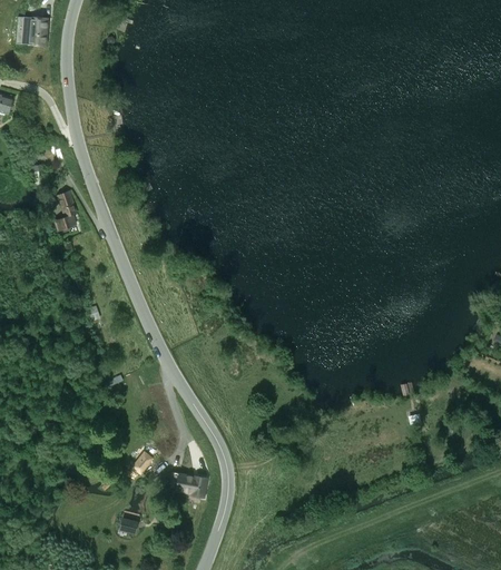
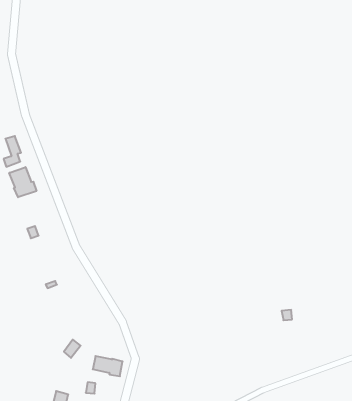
building: none -> [9,167,36,197]

